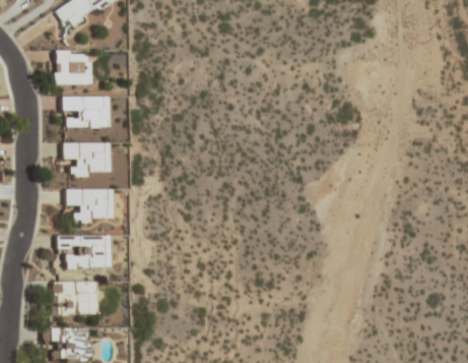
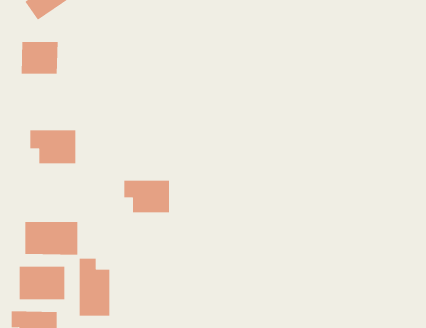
building: [61,96,110,128] -> none
building: [65,188,113,222] -> [123,180,170,213]
building: none -> [79,258,110,317]

